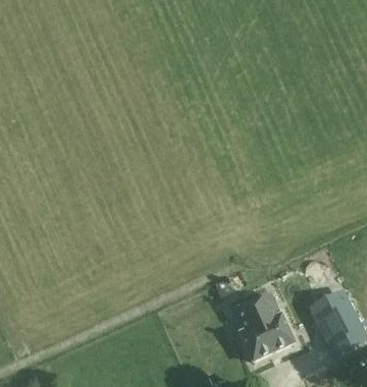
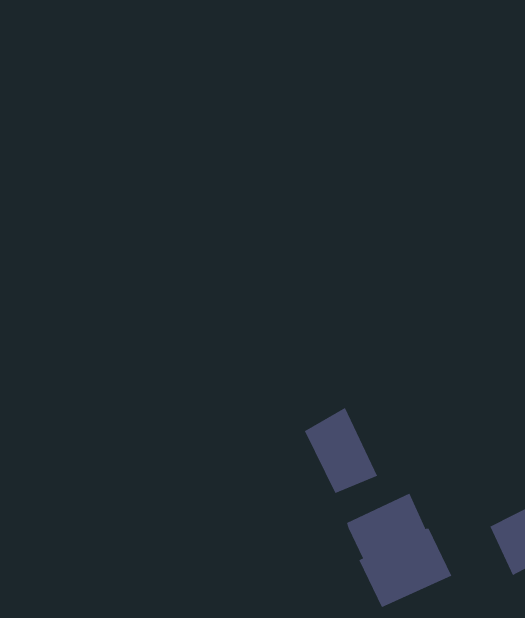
building: none -> [304,407,378,494]

